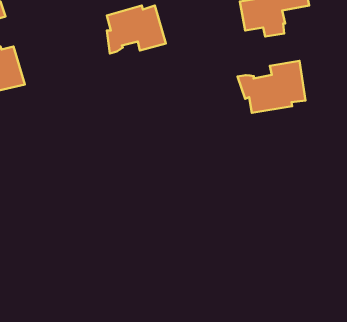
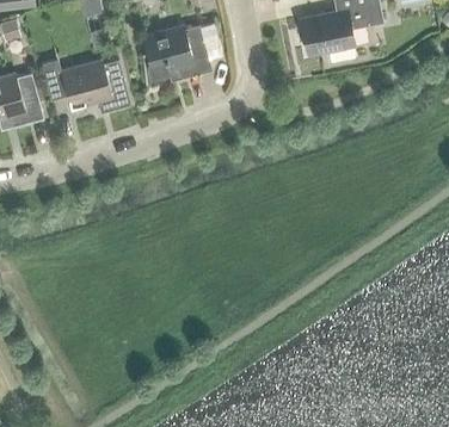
building: none -> [41,58,131,112]
building: [238,61,306,113] -> none

